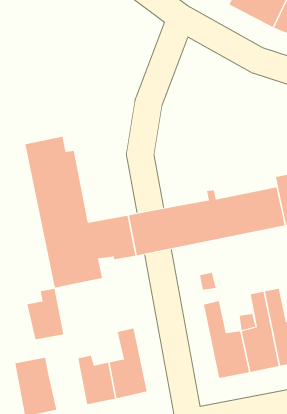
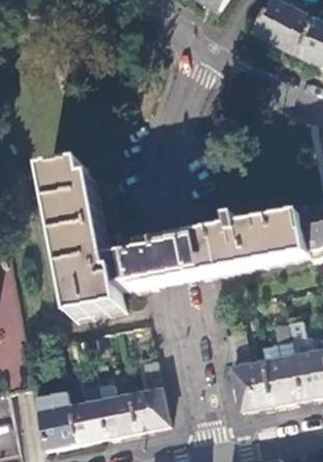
building: [27,288,64,340] -> [69,391,107,443]

